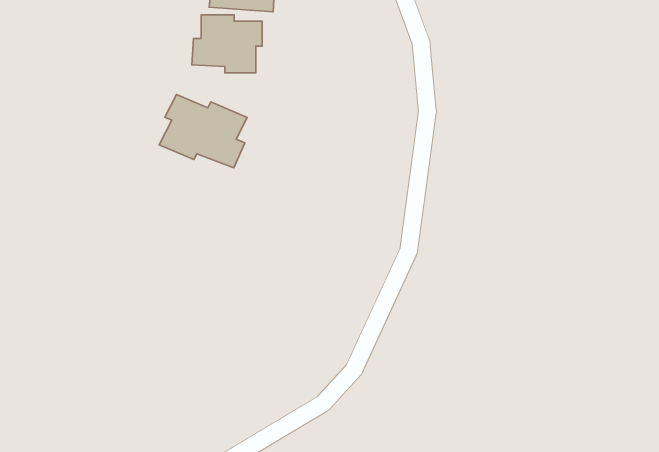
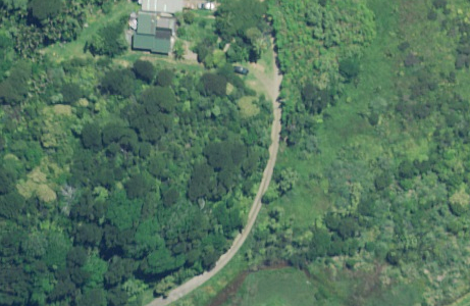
building: [159,94,247,168] -> none

